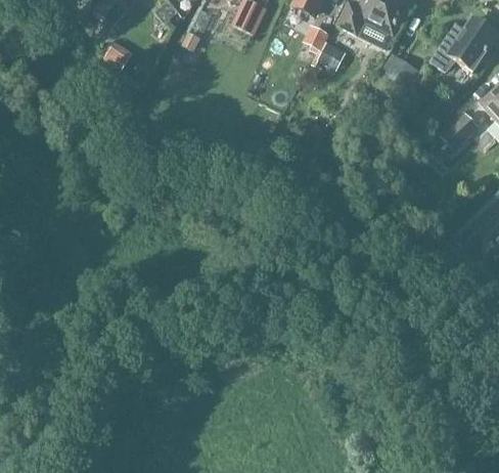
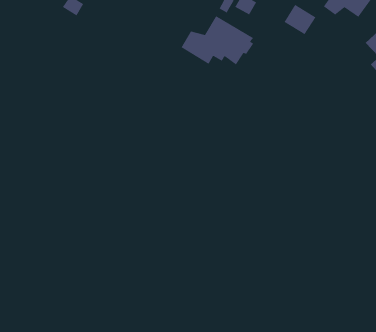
building: none -> [181,15,254,66]
building: [441,109,484,148] -> none

